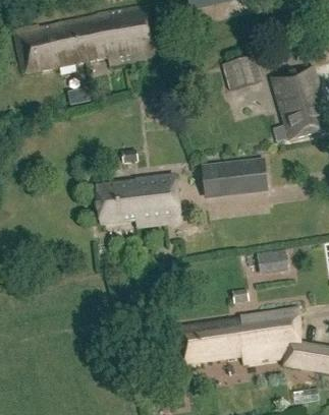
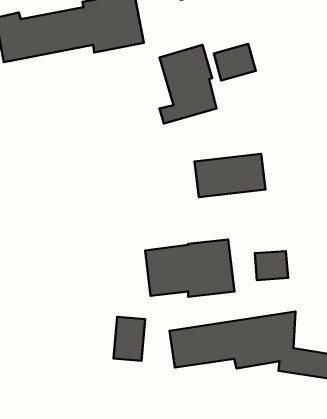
building: [269,67,323,141] -> [160,45,217,123]
building: [95,174,179,228] -> [145,240,235,297]
building: none -> [114,317,145,361]

